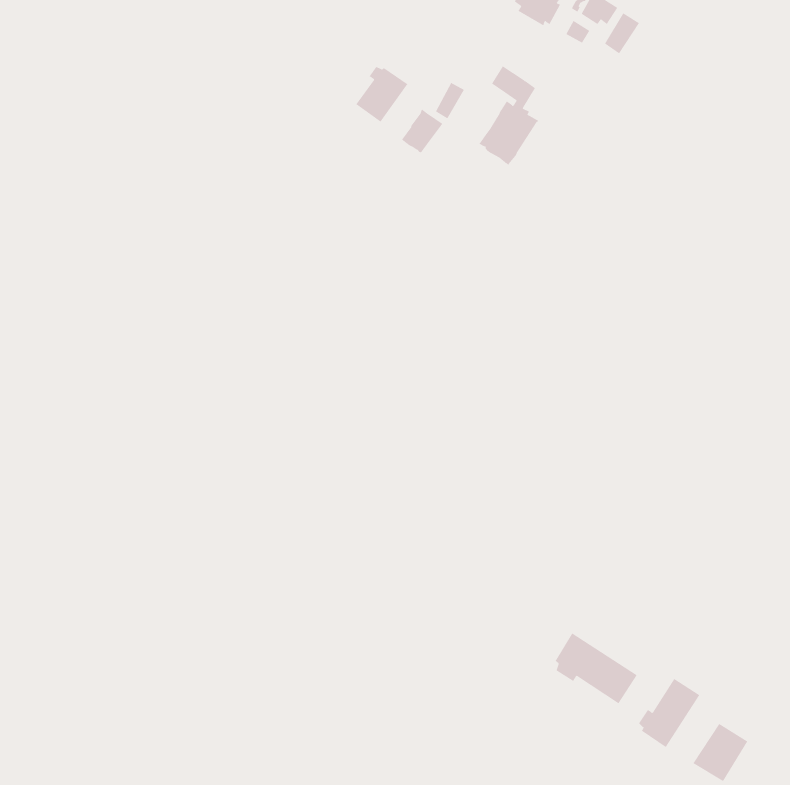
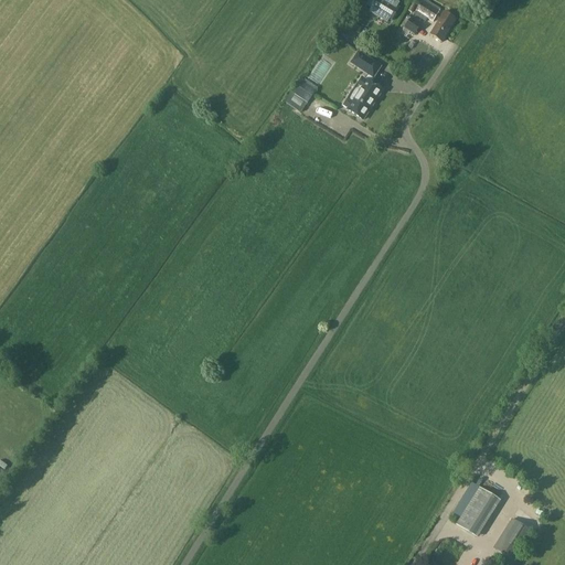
building: [355,66,408,123] -> none
building: [555,633,637,704] -> none

